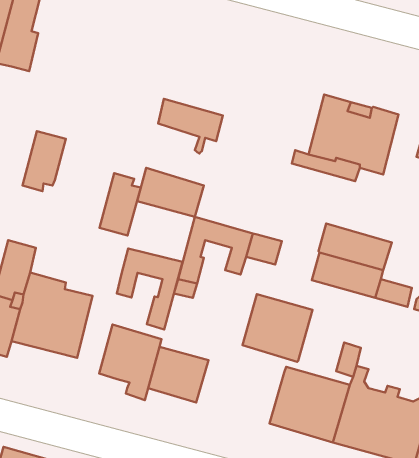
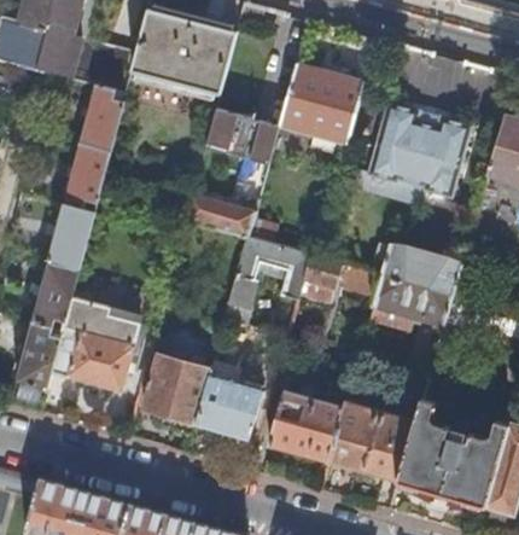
building: none -> [129,10,235,97]
building: none -> [279,64,363,145]
building: none -> [77,85,122,152]
building: [100,173,141,235] -> [46,203,91,271]
building: [117,248,182,329] -> none
building: [243,294,313,362] -> [269,389,345,463]

